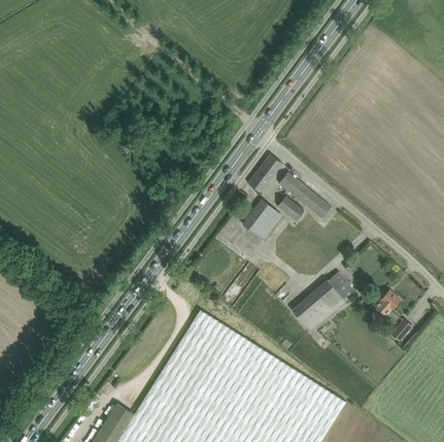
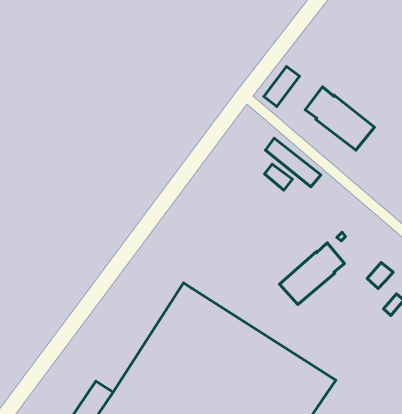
building: none -> [305,87,374,150]
building: [248,155,282,193] -> [264,66,299,106]
building: [243,200,283,240] -> none

